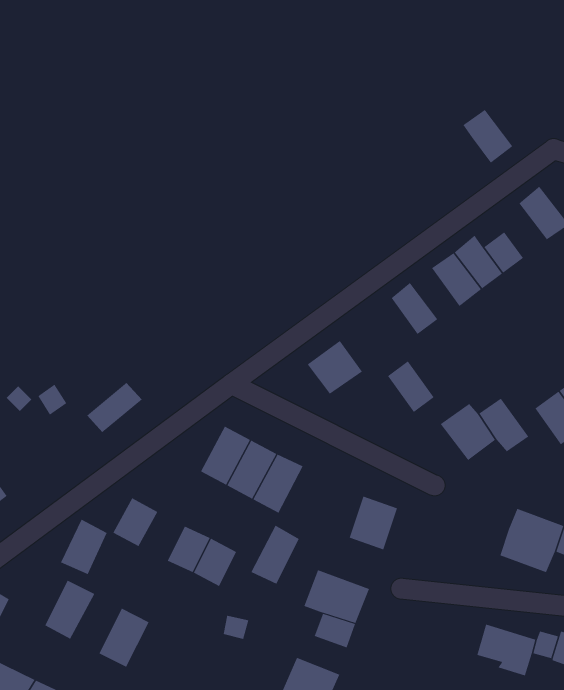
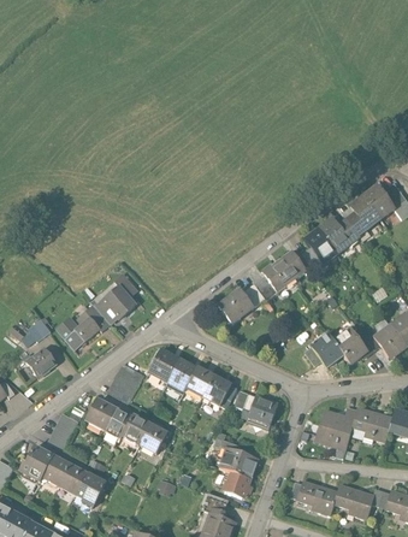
building: [463,109,513,164] -> [345,193,380,230]
building: none -> [97,283,140,323]
building: [387,360,434,413] -> [259,258,291,294]
building: none -> [28,346,61,377]
building: none -> [107,361,143,401]
building: none -> [100,405,131,438]
building: none -> [312,406,354,452]
building: [251,525,300,584] -> [196,373,230,414]
building: none -> [16,442,51,483]
building: none -> [53,461,88,502]
building: none -> [290,477,337,513]

